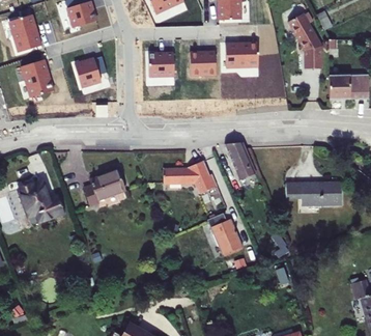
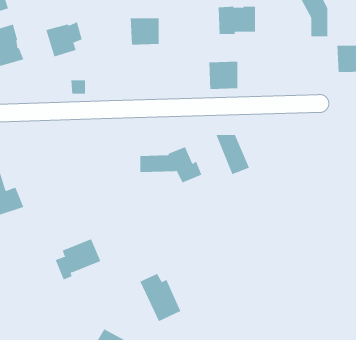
building: [191,49,217,74] -> [208,61,238,90]
building: [81,172,121,208] -> [55,239,101,280]
building: [287,185,340,208] -> none
building: [204,215,240,257] -> [140,273,181,322]

